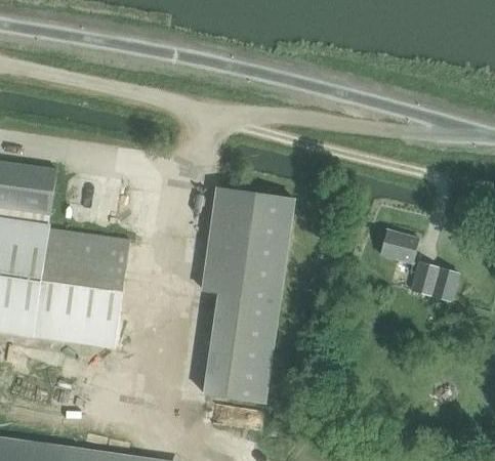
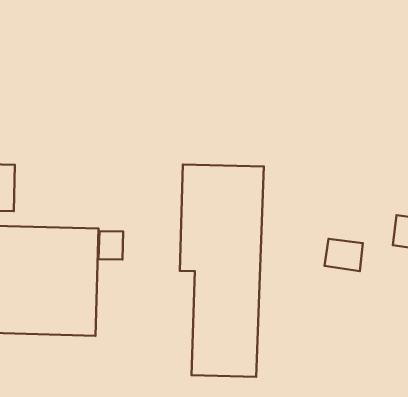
building: [379,229,419,264] -> [324,239,363,271]
building: none -> [99,231,123,260]

